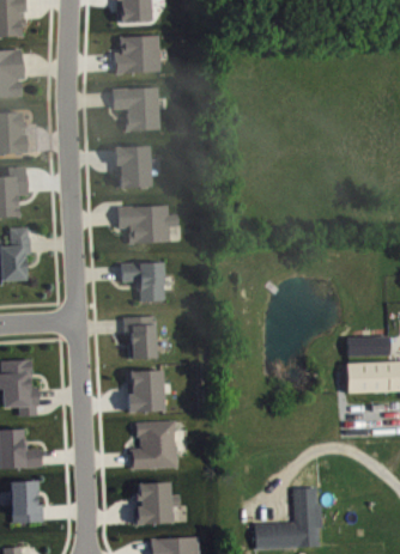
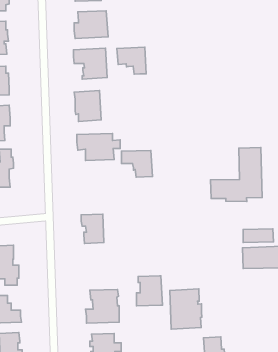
building: none -> [117,47,146,74]
building: none -> [210,147,262,201]
building: [121,263,164,300] -> [121,150,153,177]
building: [127,370,163,412] -> [137,276,163,306]
building: none -> [170,289,202,329]

